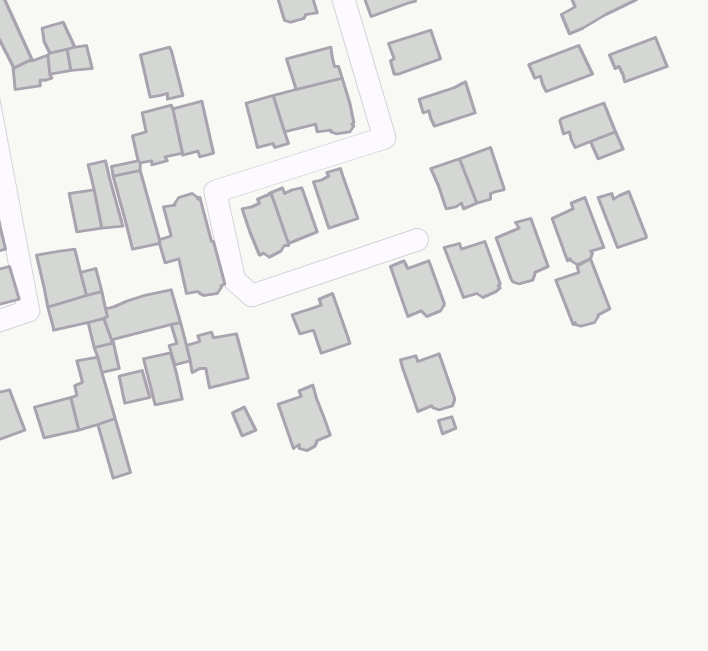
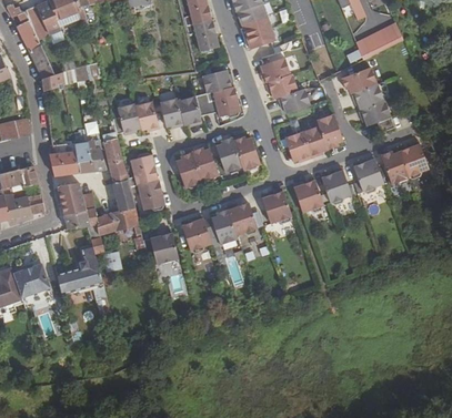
building: [609,38,667,82] -> [350,82,383,108]
building: [141,47,183,99] -> [159,96,183,126]
building: none -> [264,73,297,98]
building: none -> [315,113,342,147]
building: none -> [232,136,260,169]
building: none -> [48,151,79,176]
building: [556,259,610,326] -> [398,137,429,176]
building: [144,353,182,405] -> [111,180,133,210]
building: [401,354,454,412] -> [225,201,257,234]
building: [278,385,330,450] -> [181,213,211,251]

